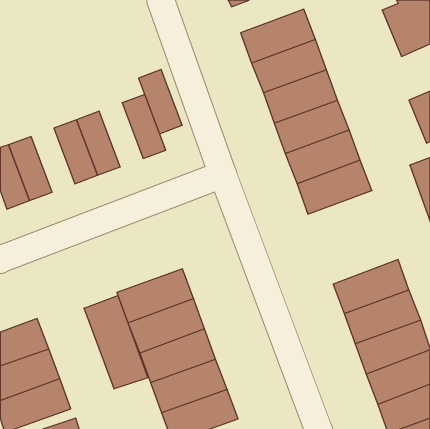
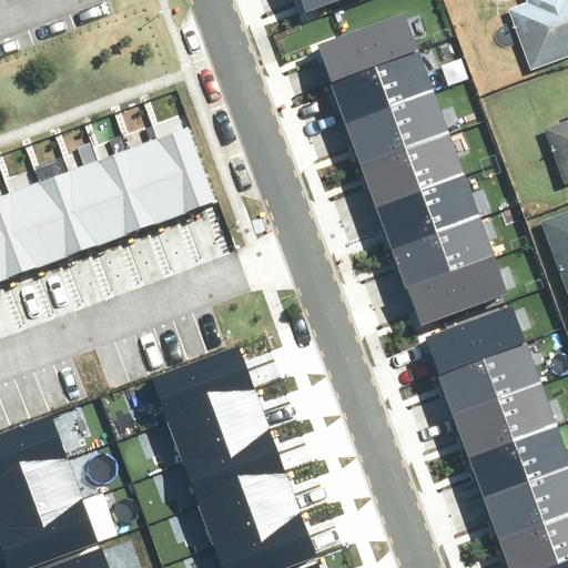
building: [139,70,182,134] -> [131,138,189,222]
building: none -> [41,171,99,255]
building: none -> [406,253,505,324]
building: none -> [424,304,525,376]
building: [84,295,148,389] -> none

